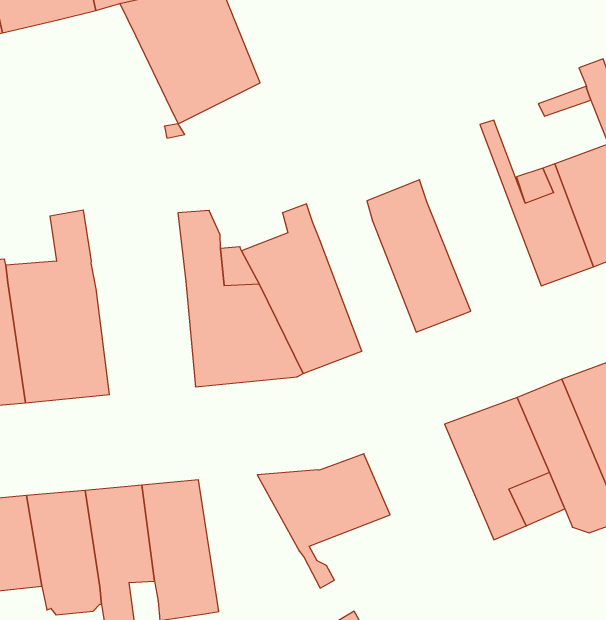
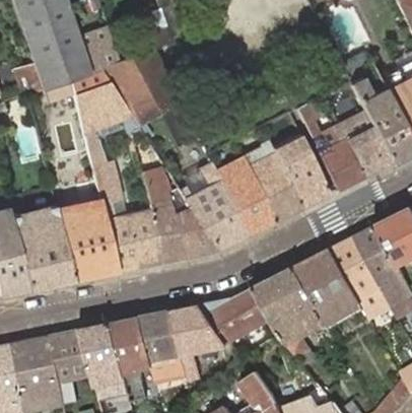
building: none -> [75,82,163,272]
building: none -> [274,134,331,207]
building: none -> [215,155,276,234]
building: none -> [256,268,329,357]
building: none -> [170,305,241,380]

